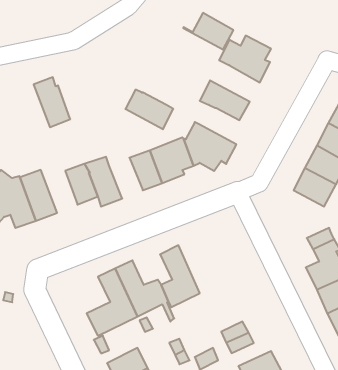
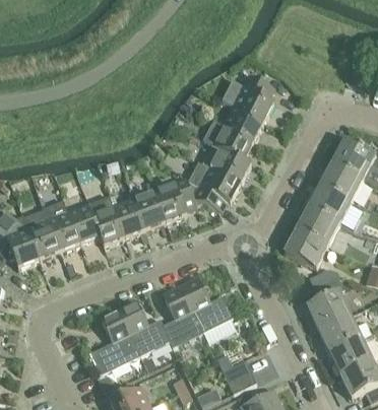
building: [183,13,233,50] -> [212,106,262,142]
building: [34,77,70,127] -> [44,203,80,253]
building: [125,90,173,129] -> [201,145,249,185]
building: none -> [112,198,145,238]
building: none -> [284,230,326,270]
building: none -> [181,277,232,333]

